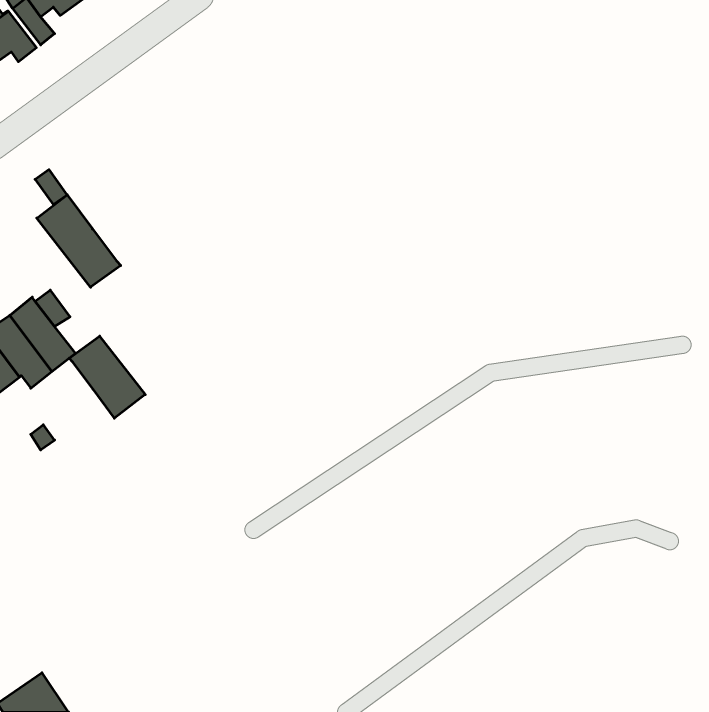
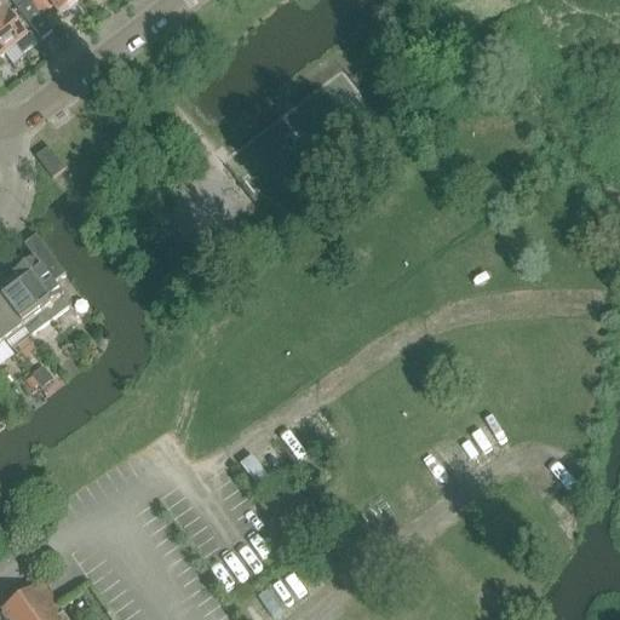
building: [37,195,121,287] -> none
building: [69,336,145,418] -> none

